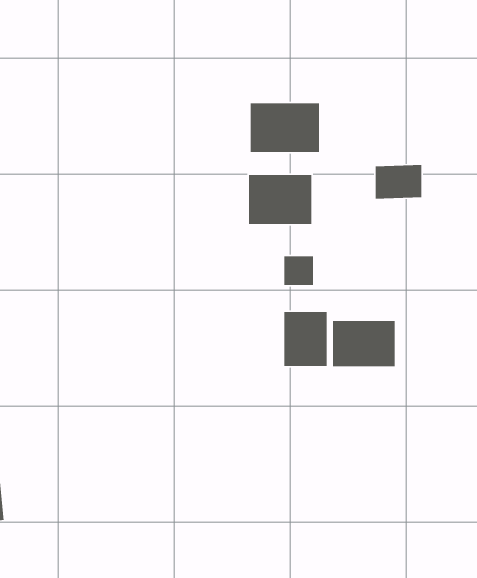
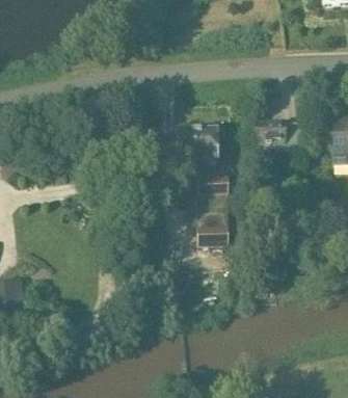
building: [250,103,320,153] -> none
building: [332,320,396,367] -> none

